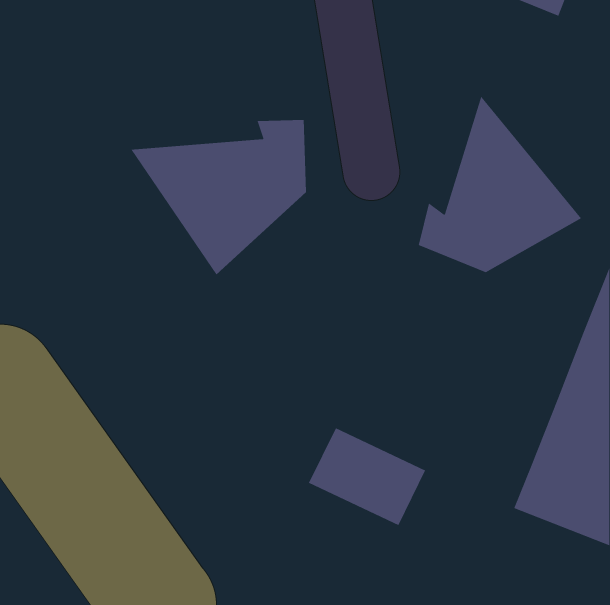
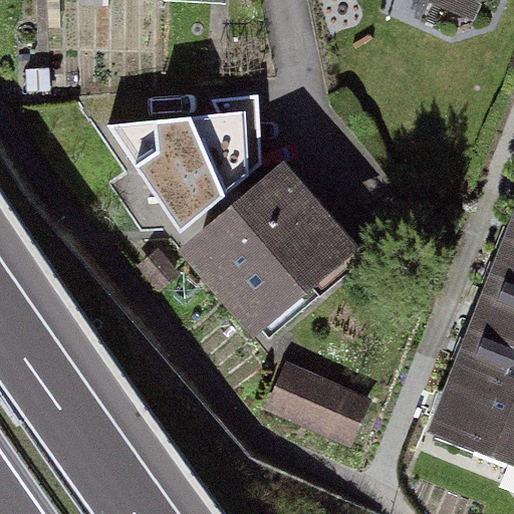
building: [418,95,582,273] -> none
building: none -> [196,180,346,326]

